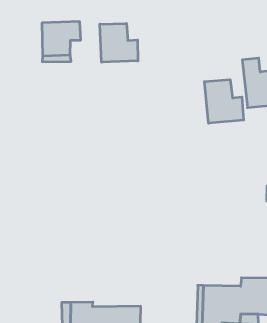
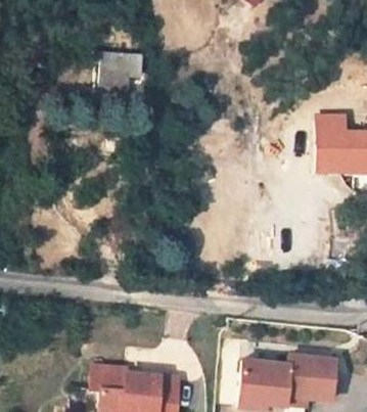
building: [100,23,138,62] -> none
building: [204,80,244,123] -> none

